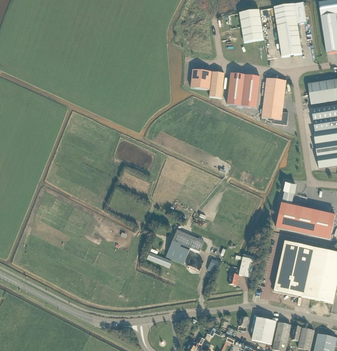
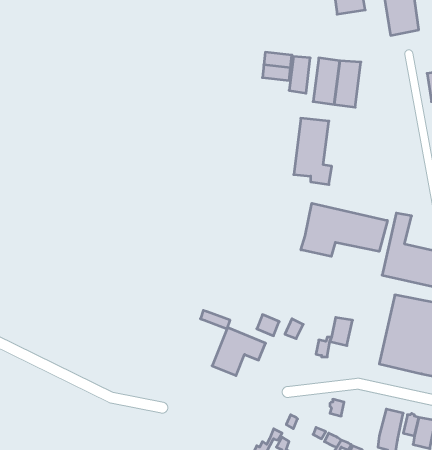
building: [261,77,288,124] -> [294,118,332,185]
building: none -> [301,203,387,256]
building: [165,228,203,262] -> [212,328,266,376]
building: [251,316,276,343] -> none

